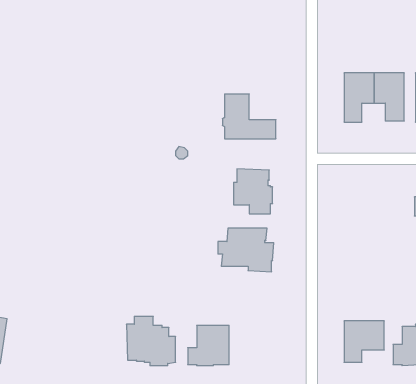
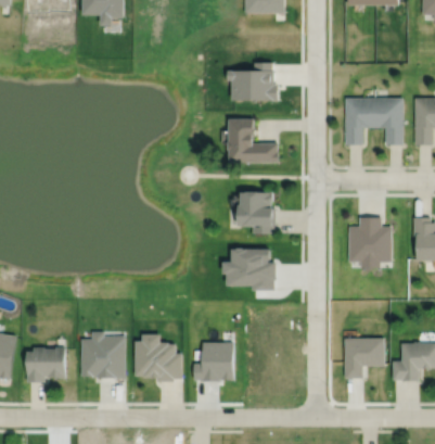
building: none -> [229,64,279,100]
building: none -> [348,216,392,267]
building: none -> [80,331,125,378]
building: none -> [27,346,65,382]

